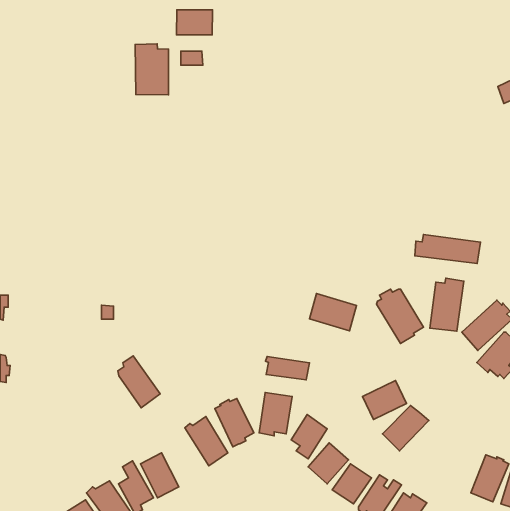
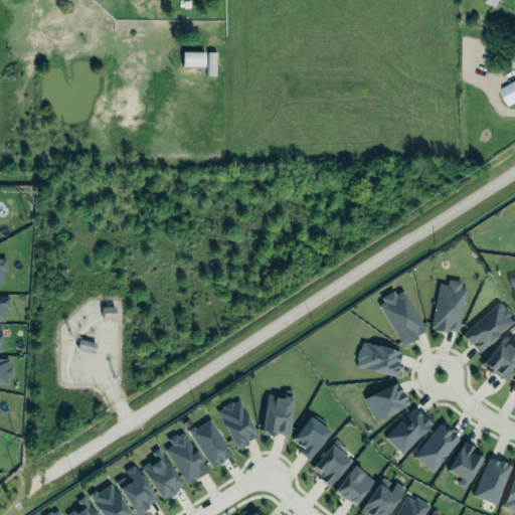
building: [176,10,213,35] -> none
building: [135,44,169,95] -> none
building: [415,235,481,263] -> none
building: [309,294,357,331] -> [357,342,404,379]
building: [118,356,160,408] -> [165,432,207,484]
building: [266,356,309,380] -> none
building: none -> [415,423,459,471]
building: none -> [449,442,483,488]

